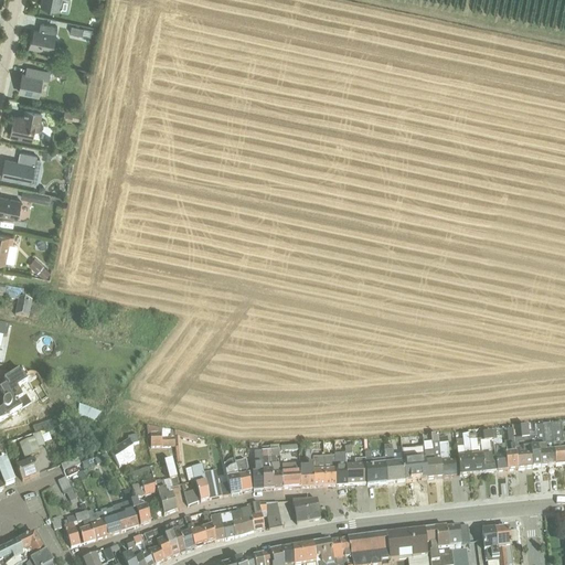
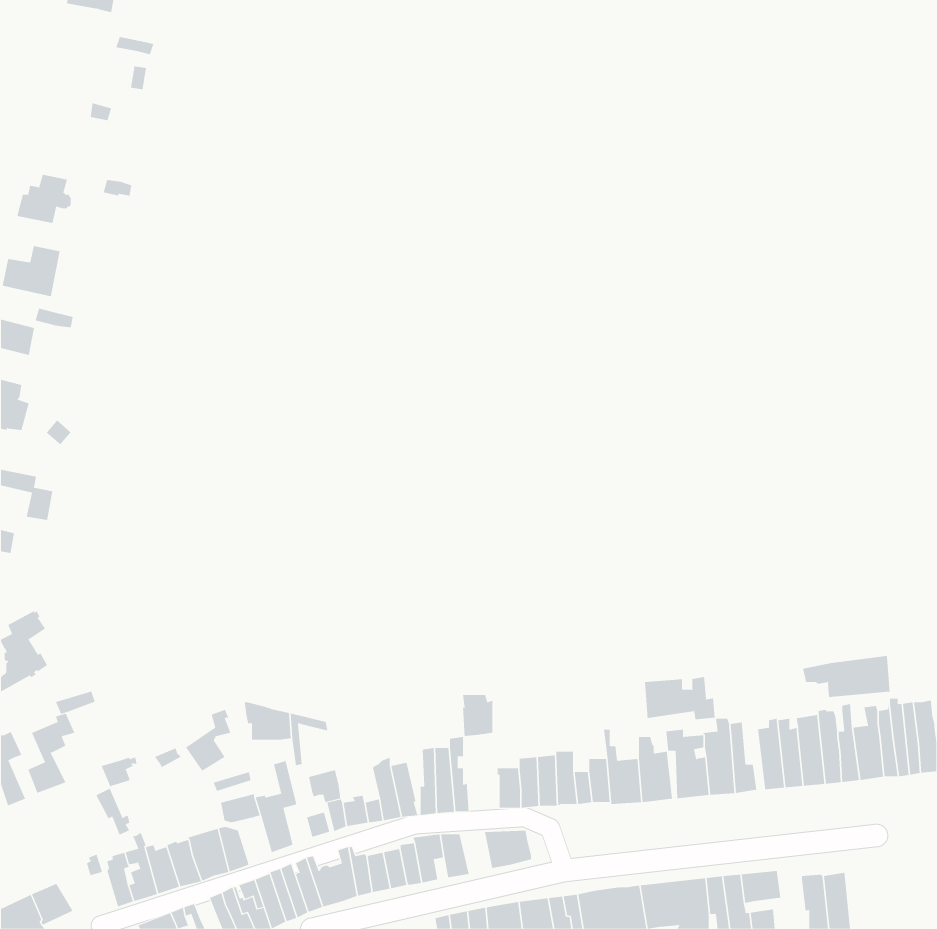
building: [29,19,58,47] -> none
building: [19,65,50,92] -> none
building: none -> [803,655,890,698]
building: none -> [644,676,715,720]
building: [281,463,300,489] -> [462,694,493,737]

